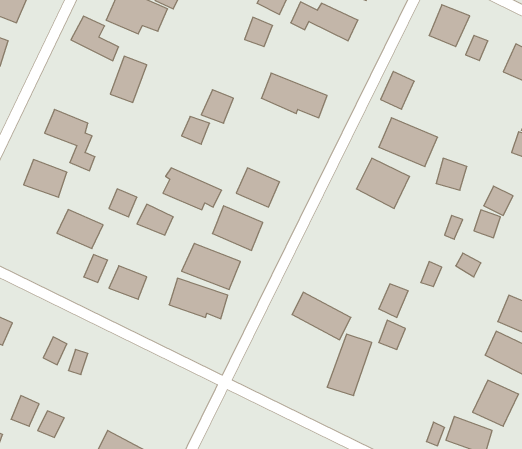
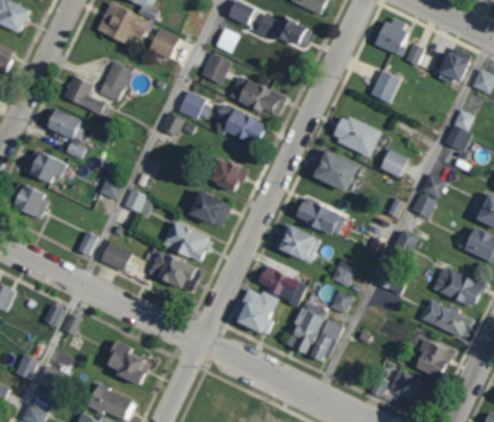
building: [71,16,119,61] -> [64,76,105,114]
building: none -> [148,28,178,59]
building: none -> [202,53,231,83]
building: [381,71,414,109] -> [370,70,399,102]
building: [163,168,222,210] -> [215,105,266,141]
building: [57,210,103,249] -> [11,185,50,219]
building: none -> [293,198,346,237]
building: none -> [273,224,320,262]
building: none -> [234,287,276,333]
building: none -> [309,319,341,363]
building: none -> [106,340,147,384]

